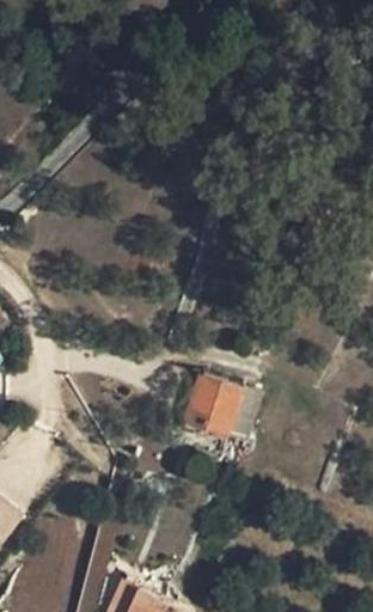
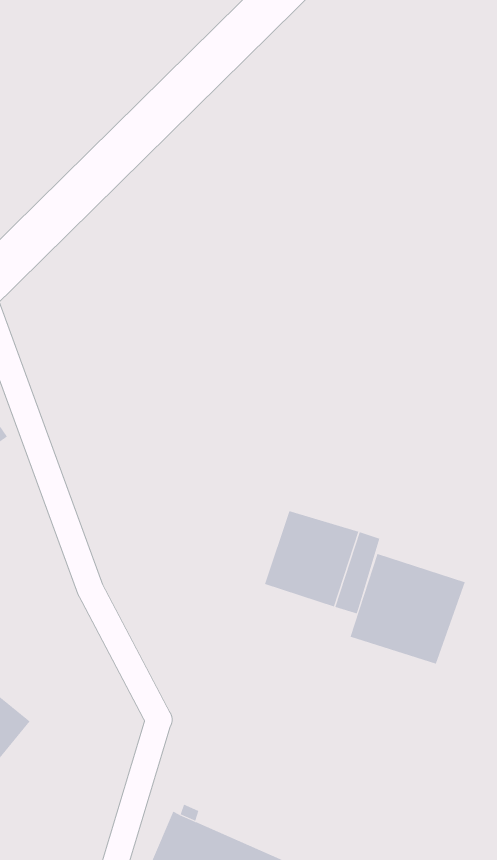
building: none -> [350,553,465,665]

